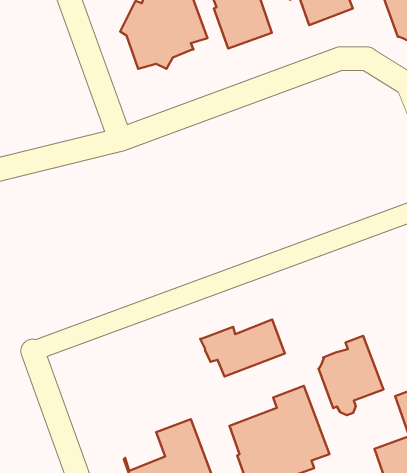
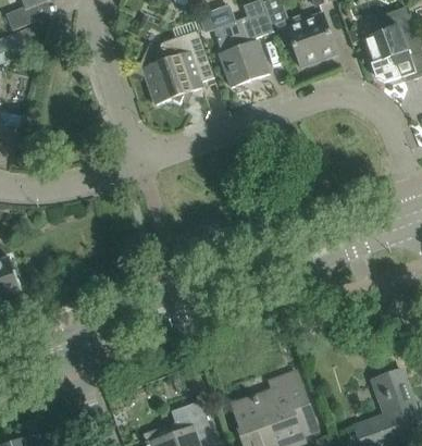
building: [200,319,285,376] -> none
building: [319,336,383,415] -> none

